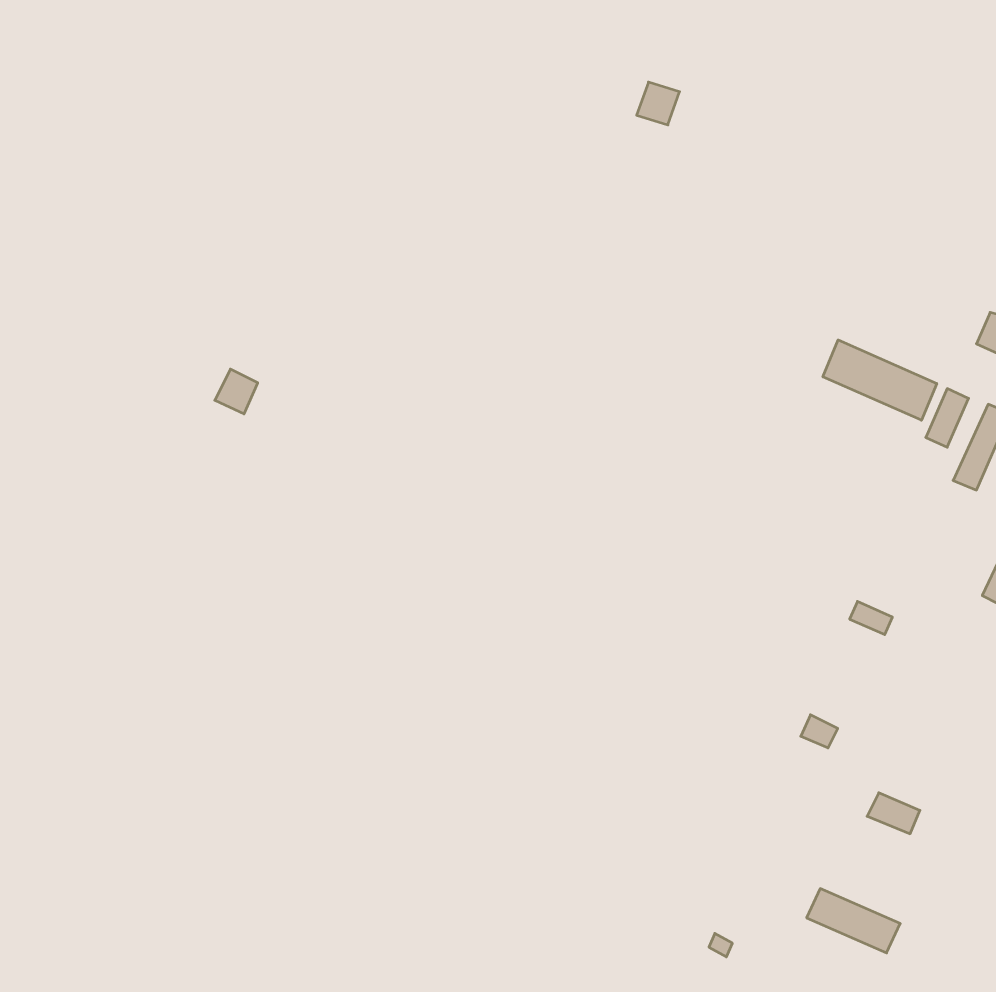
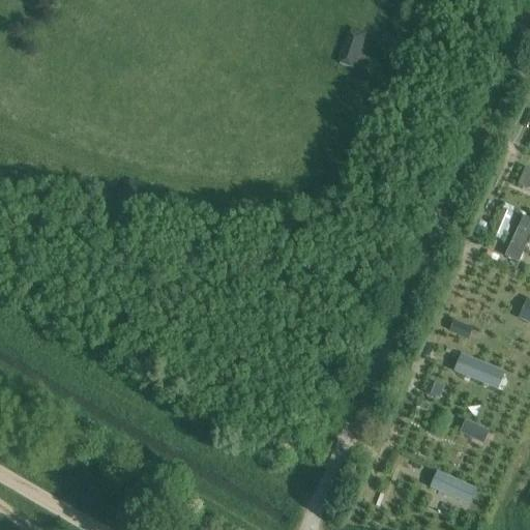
building: [823,340,937,420] -> none
building: none -> [452,352,506,389]

